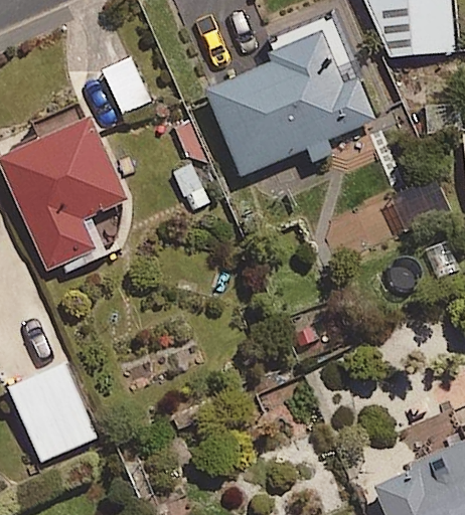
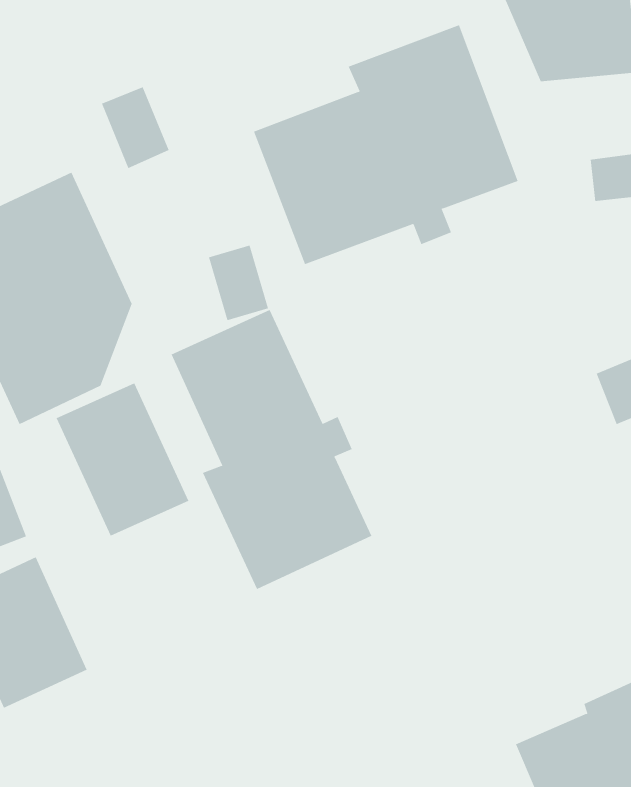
building: none -> [171,309,372,590]
building: none -> [56,382,189,536]

